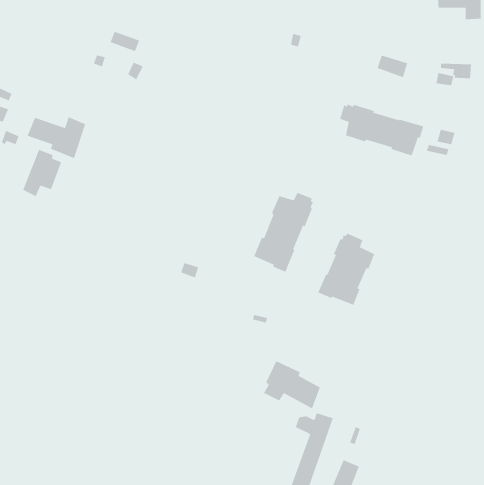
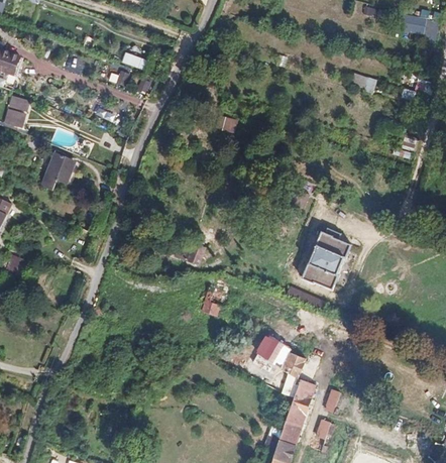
building: [339,103,424,157] -> none
building: [27,116,86,159] -> none
building: [253,192,314,273] -> none
building: none -> [201,287,223,315]

